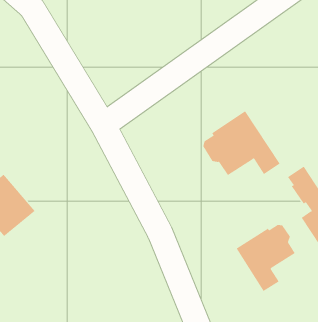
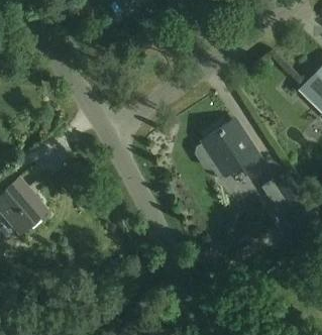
building: [236,224,296,292] -> none

